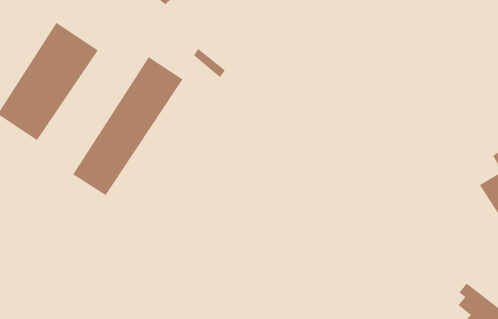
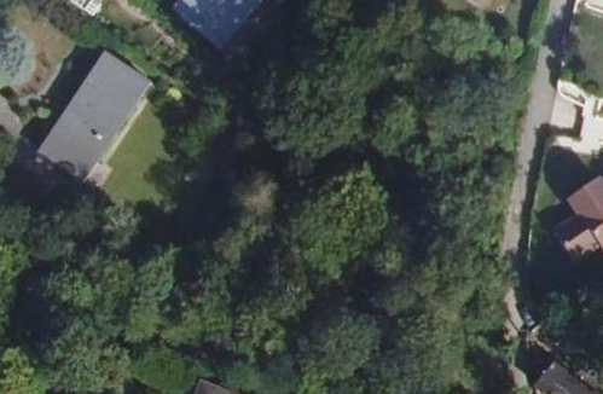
building: [72,56,184,196] -> none

